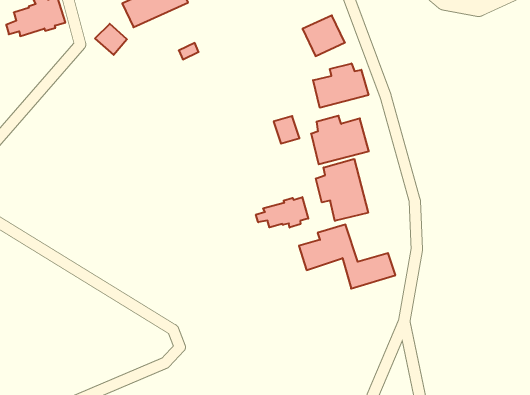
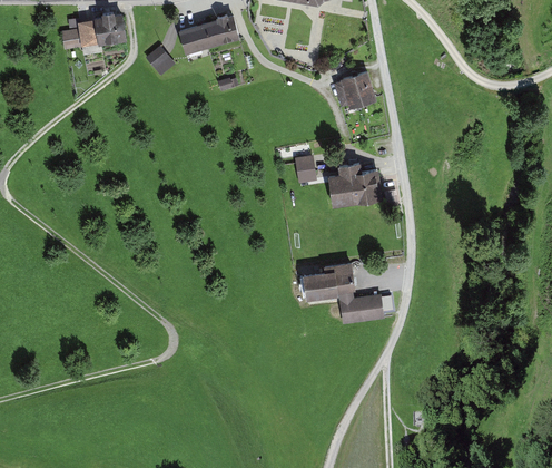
building: [313,63,368,108] -> none
building: [316,159,368,221] -> none
building: [256,197,308,228] -> none

